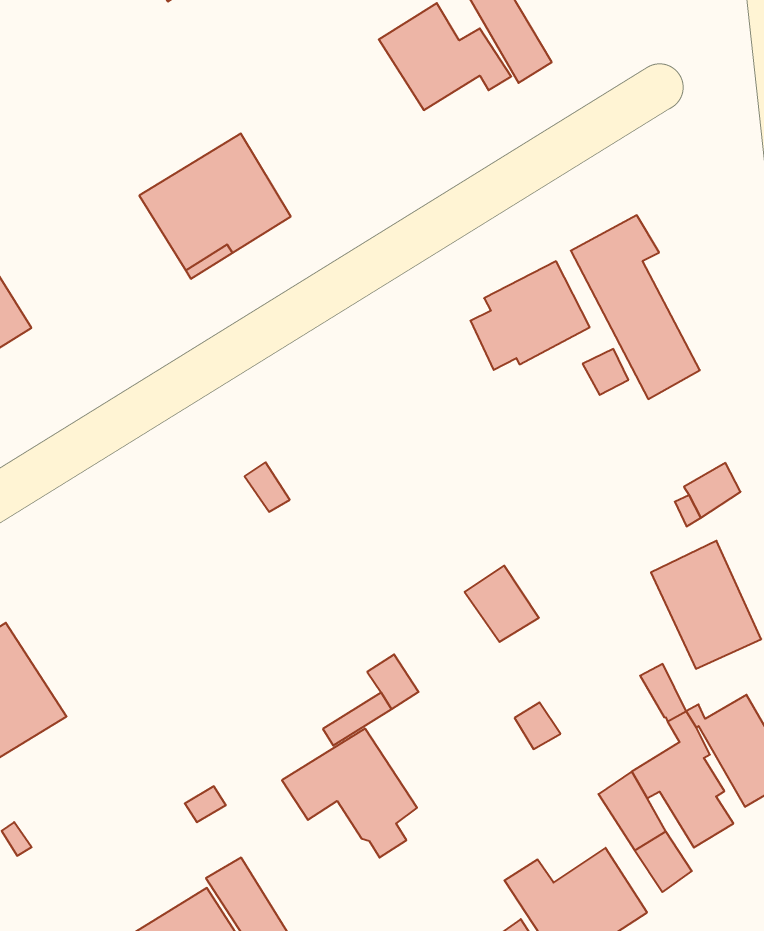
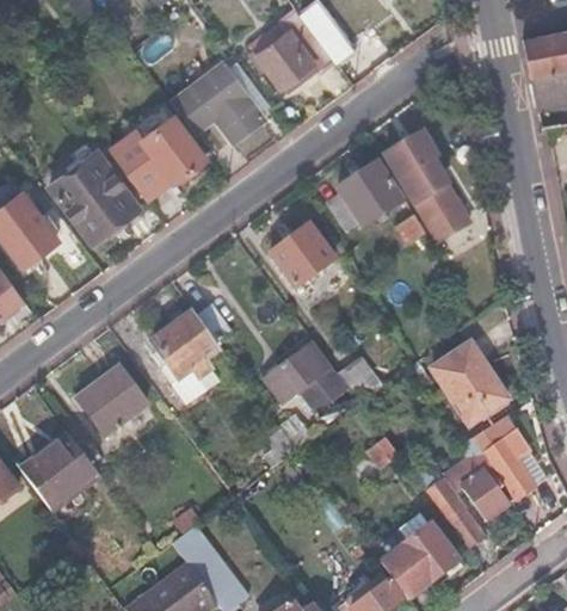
building: none -> [172,60,266,141]
building: none -> [53,149,141,240]
building: none -> [265,222,329,292]
building: none -> [148,314,216,400]
building: none -> [73,371,143,439]
building: [282,729,417,858] -> [260,347,344,425]

